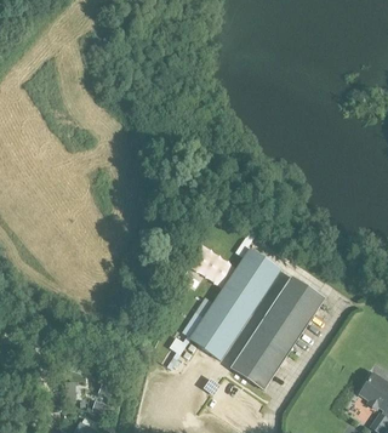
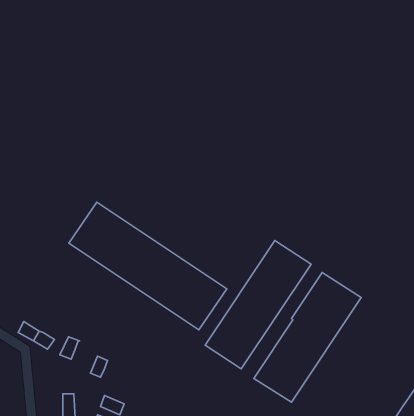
building: none -> [69,202,227,330]

